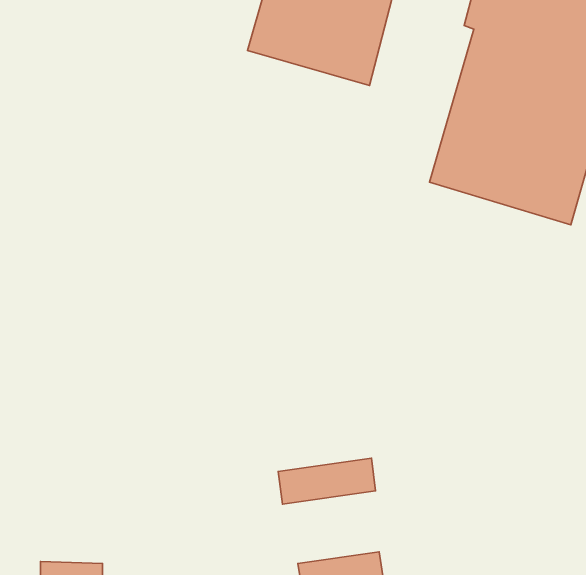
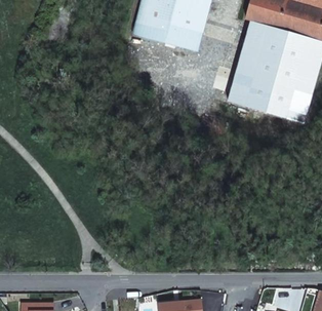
building: [278,458,375,504] -> none

